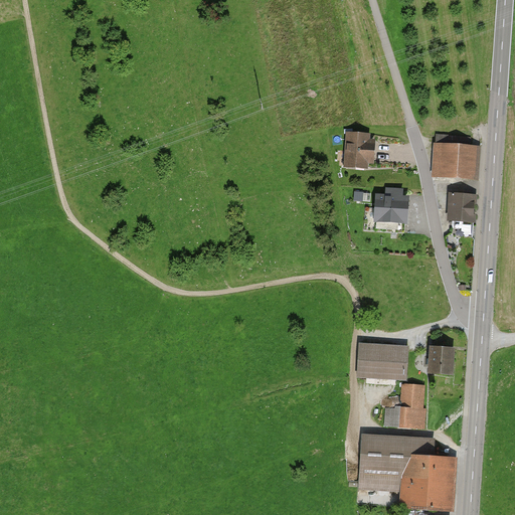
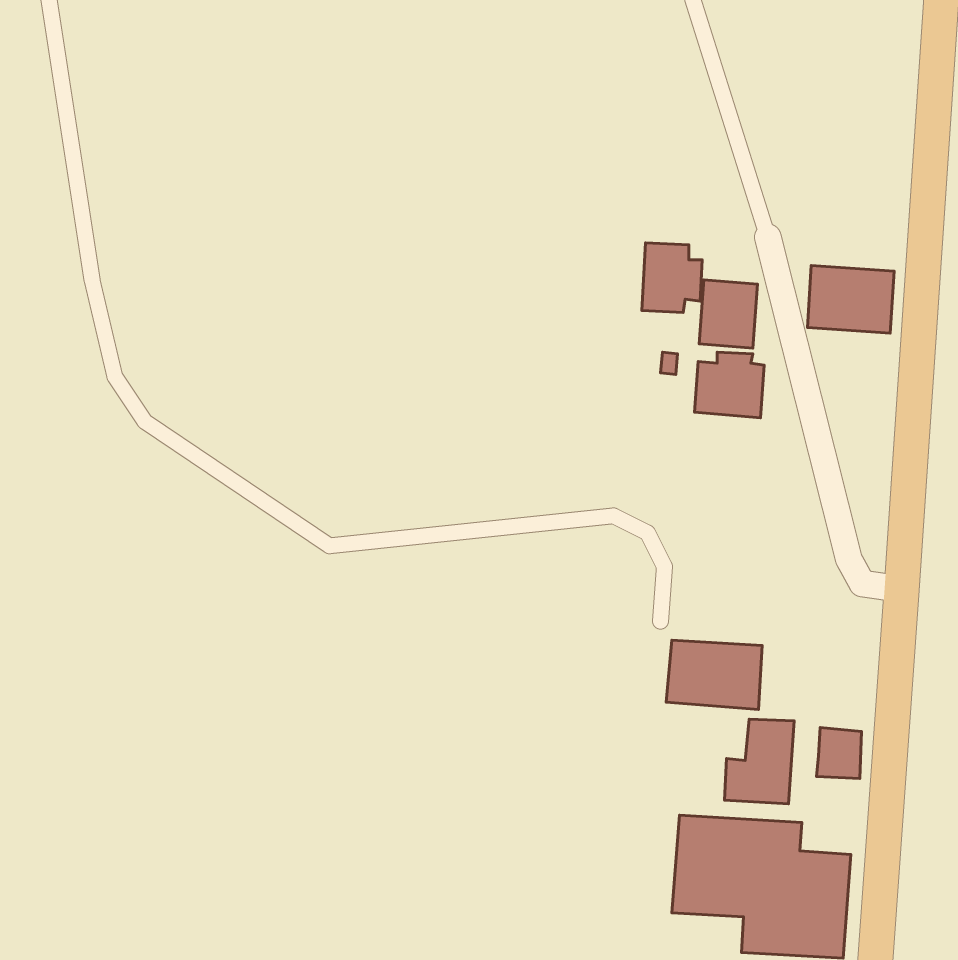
building: none -> [699,280,758,348]
building: [449,192,474,221] -> none
building: [427,345,452,372] -> [816,728,862,778]

